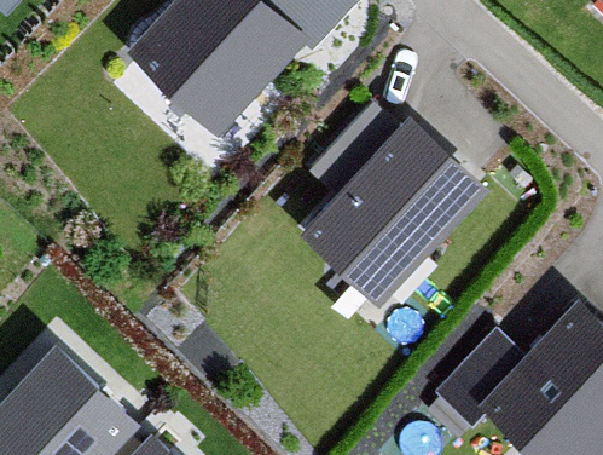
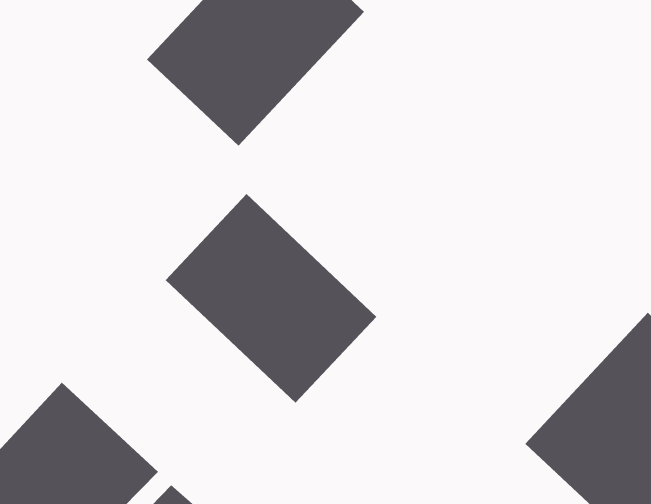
building: [305,116,475,290] -> none
building: none -> [165,193,377,404]

